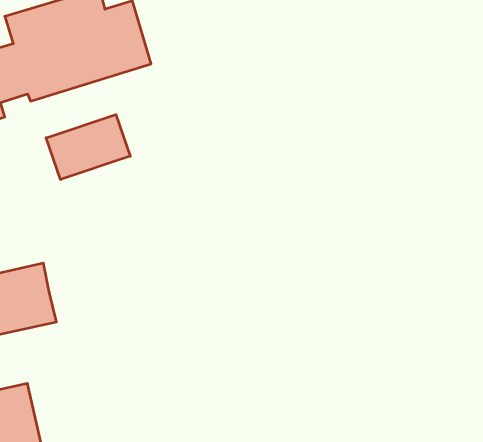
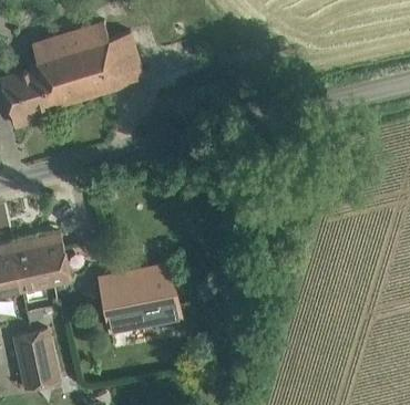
building: [46,115,130,180] -> none
building: none -> [100,269,180,331]

